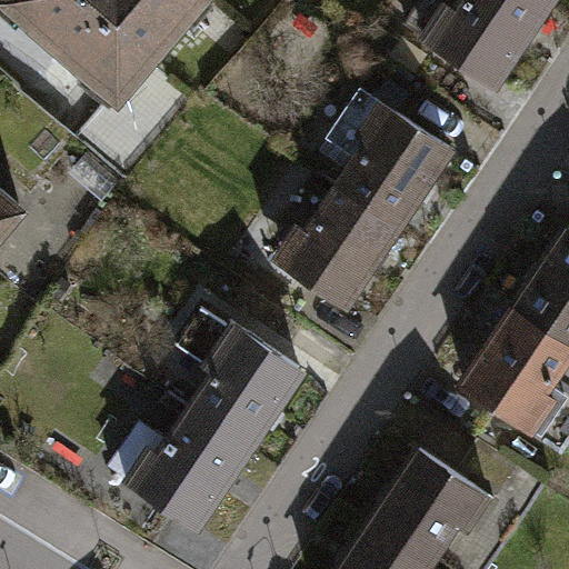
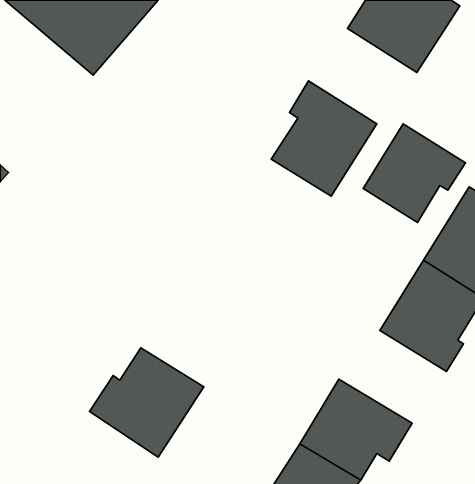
building: none -> [363,124,465,223]
building: [268,189,400,313] -> none
building: [178,321,306,455] -> none

